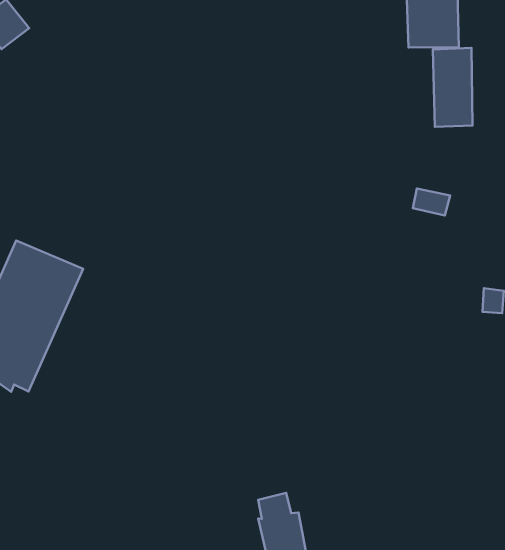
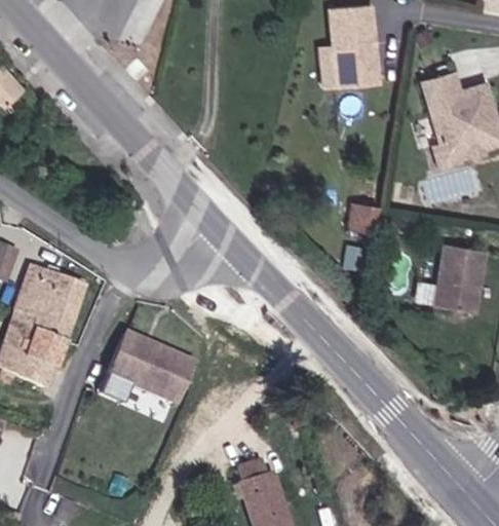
building: [433,48,472,127] -> none
building: none -> [107,326,196,400]

